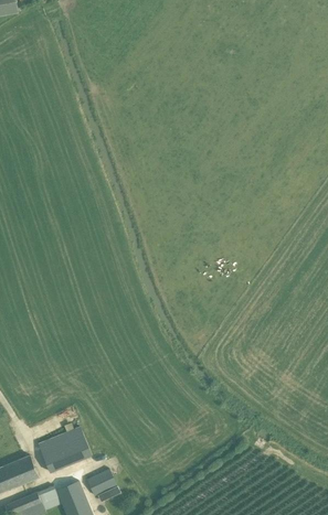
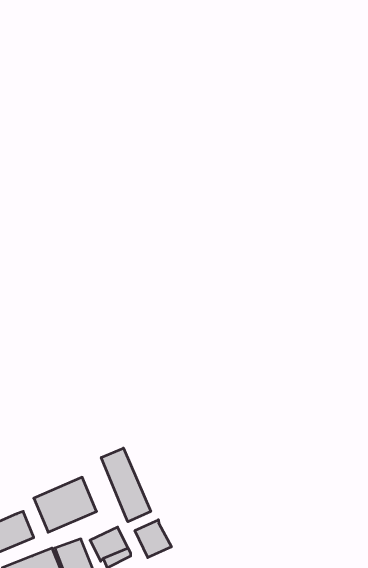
building: none -> [101,448,151,522]
building: none -> [135,520,171,558]

